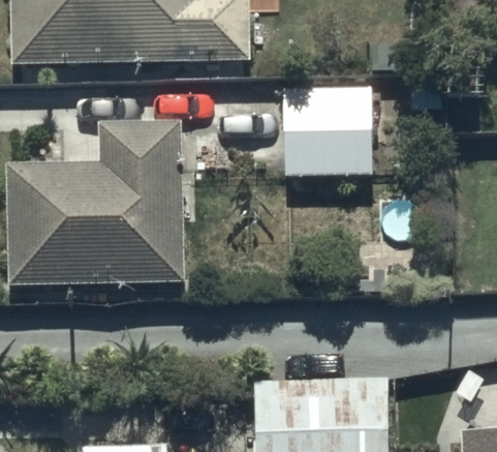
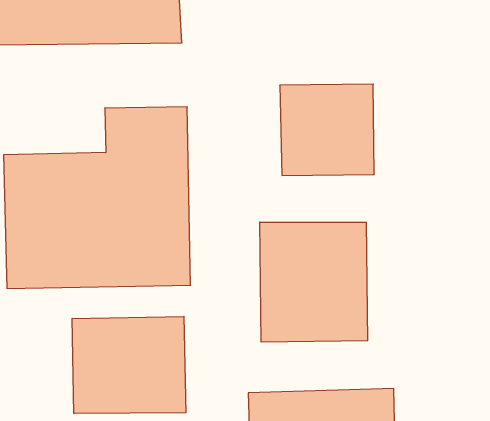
building: none -> [260,222,368,342]
building: none -> [72,316,186,414]

